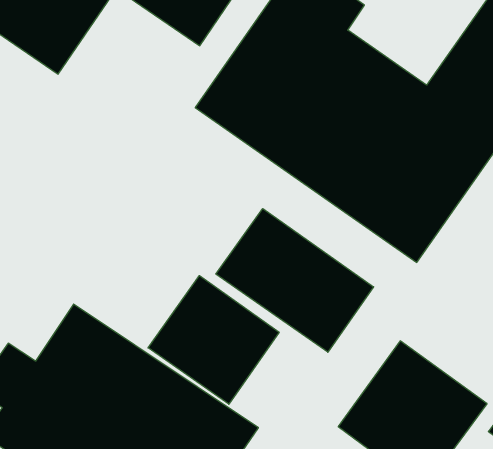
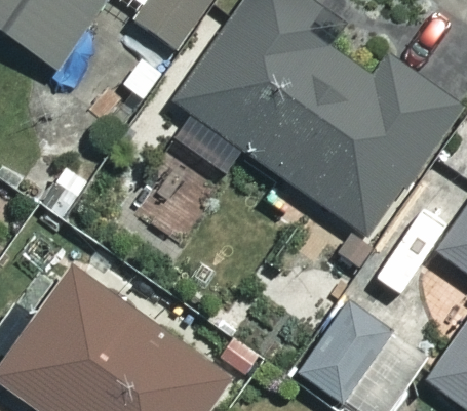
building: [216,209,374,352] -> none
building: [148,276,279,404] -> none

